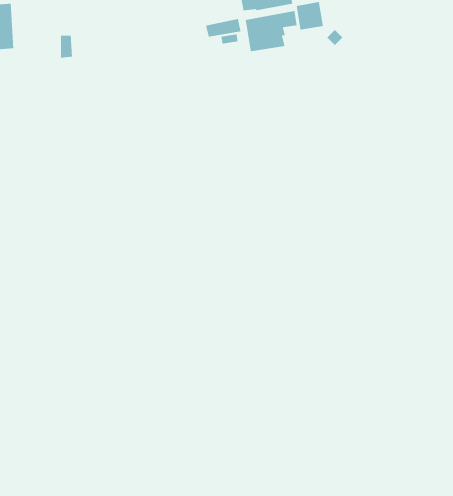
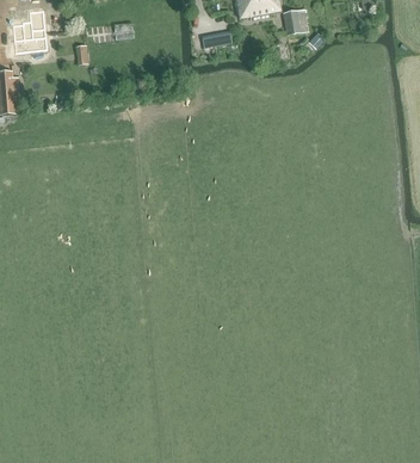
building: [245,10,298,52] -> none

